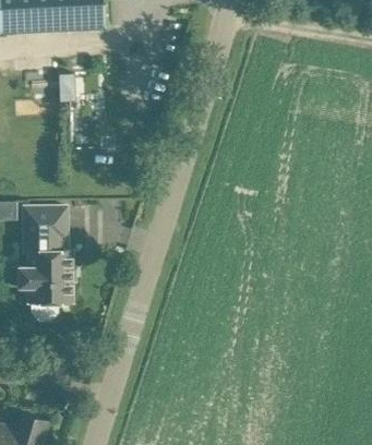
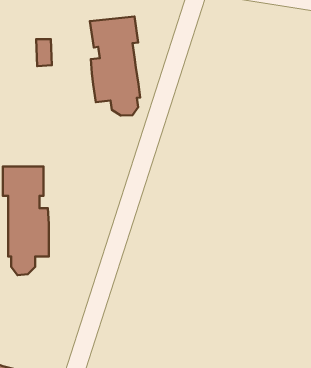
building: none -> [90,16,140,116]

